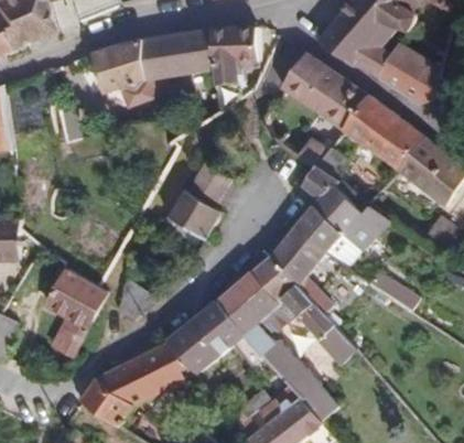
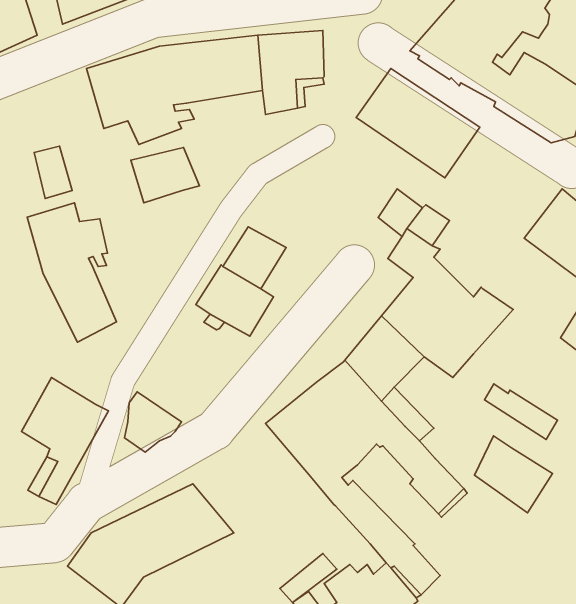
building: [341,94,422,171] -> none
building: none -> [131,148,200,203]
building: none -> [27,203,117,342]
building: [165,300,263,376] -> none
building: none -> [474,436,553,513]

